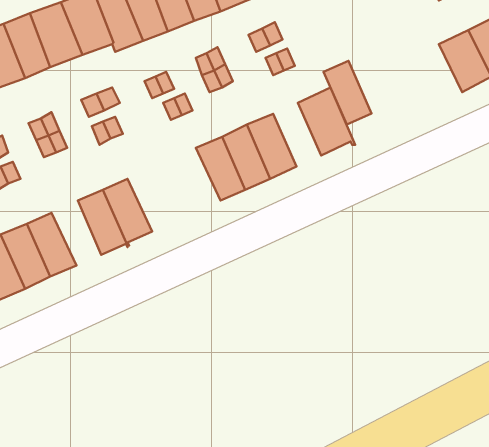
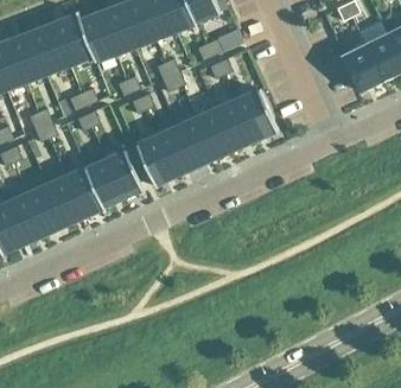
building: [324,61,372,124] -> [216,101,253,150]
building: none -> [136,135,176,187]
building: none -> [104,150,145,199]
building: none -> [46,176,84,225]

